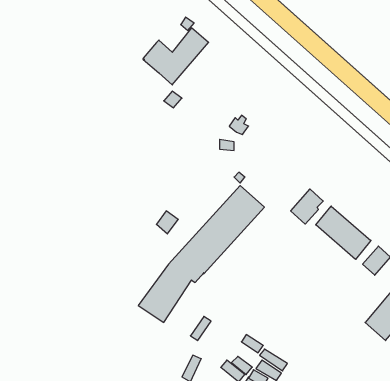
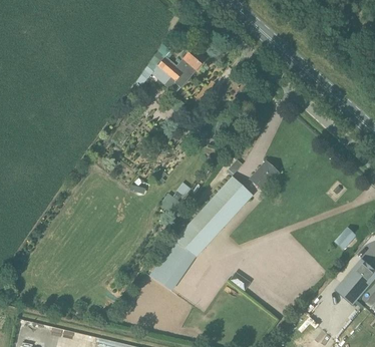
building: [291,189,323,224] -> [250,161,277,191]
building: [316,206,371,259] -> none

